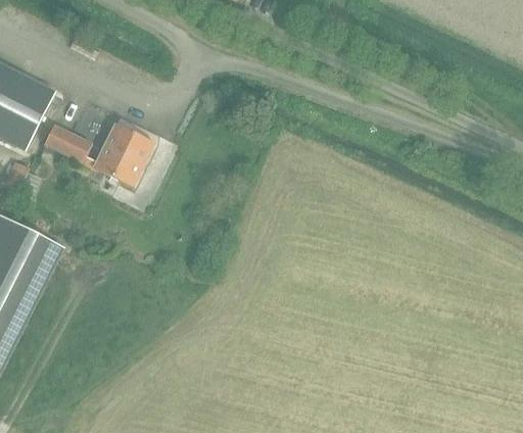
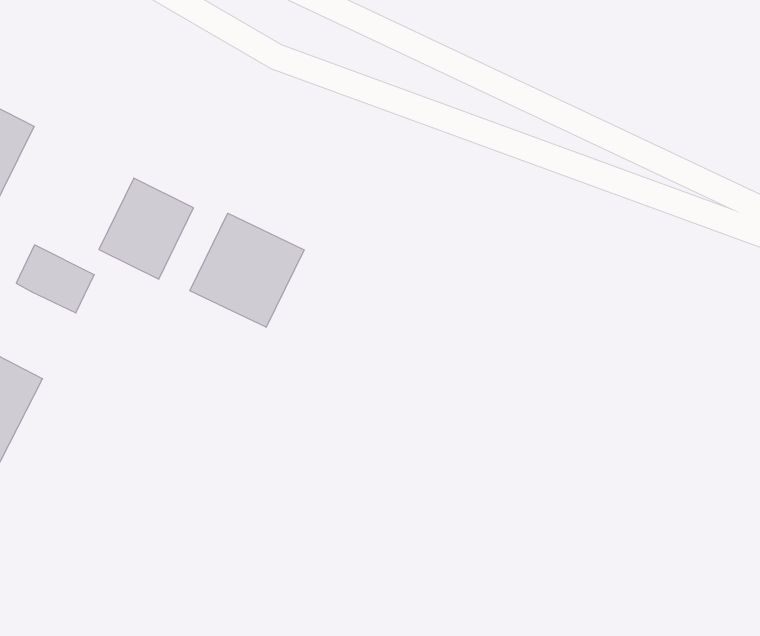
building: [46,124,94,165] -> [16,245,94,313]
building: none -> [190,213,304,327]

